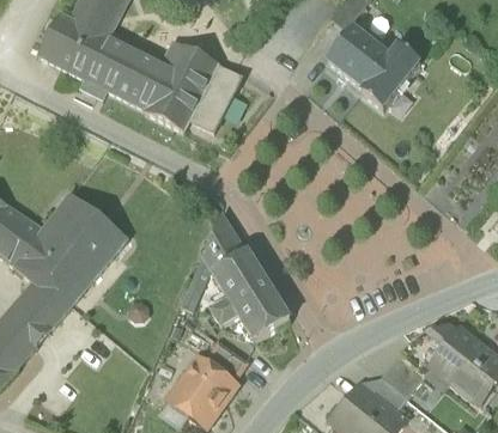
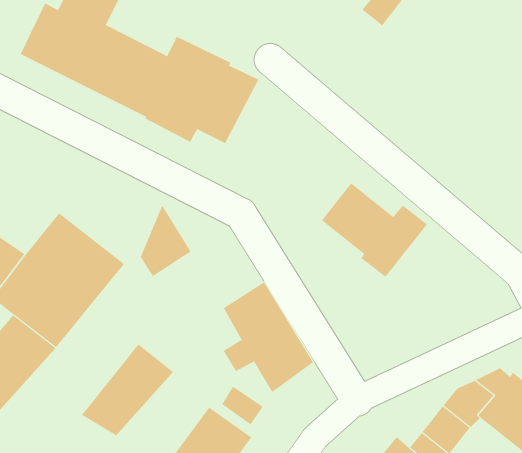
building: [330,32,421,114] -> [321,182,428,278]
building: [202,211,247,273] -> [140,204,192,277]
building: none -> [81,343,174,436]

